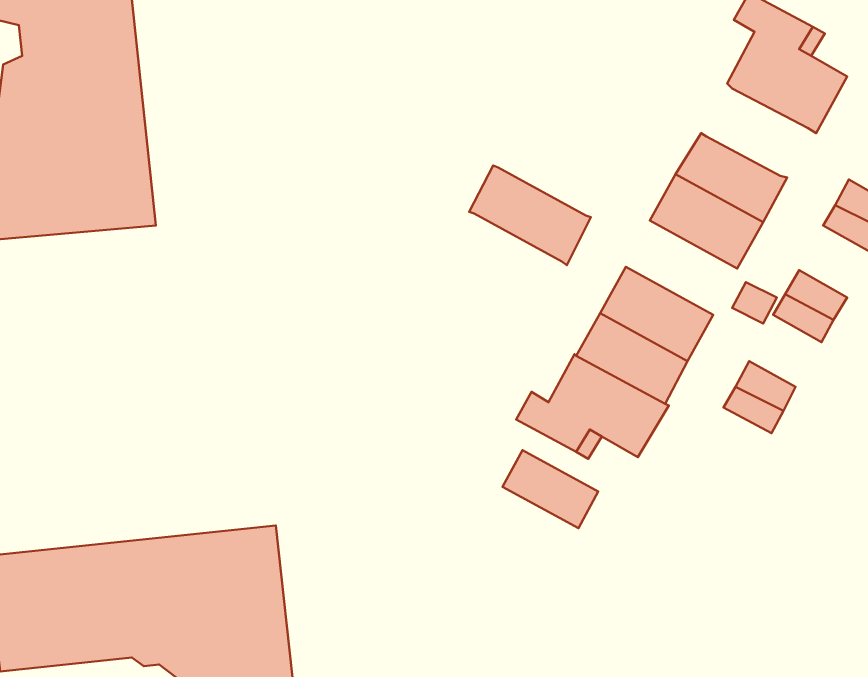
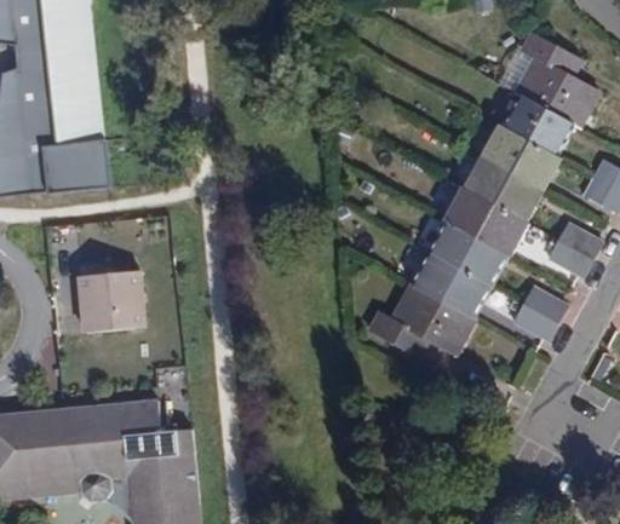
building: none -> [499,93,570,155]
building: [469,166,591,265] -> [438,185,524,255]
building: none -> [87,267,159,336]
building: [503,450,598,528] -> none

